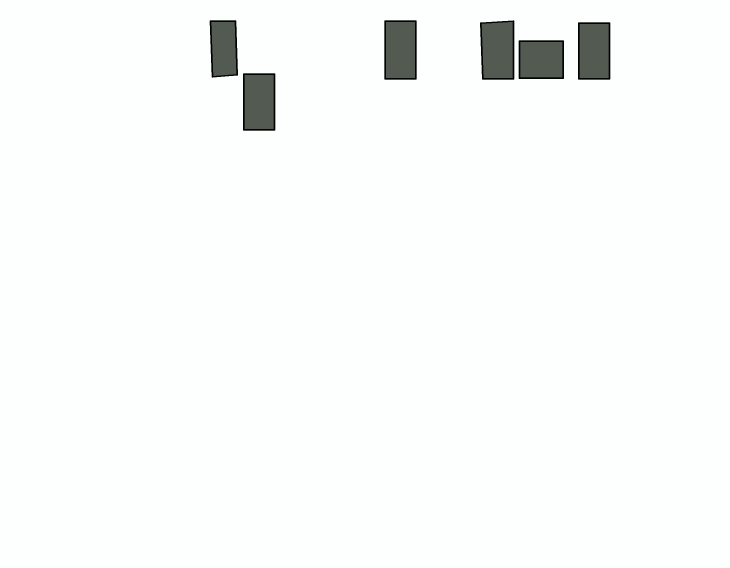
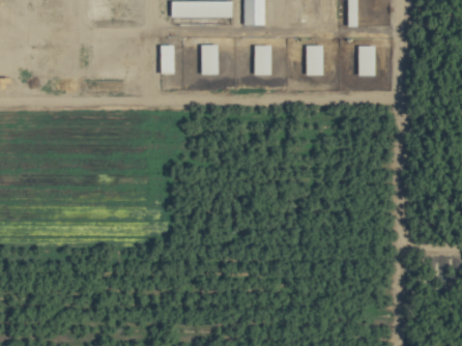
building: [520,41,563,78] -> none
building: [244,74,275,130] -> [201,45,218,75]

